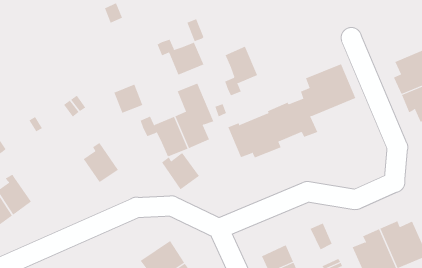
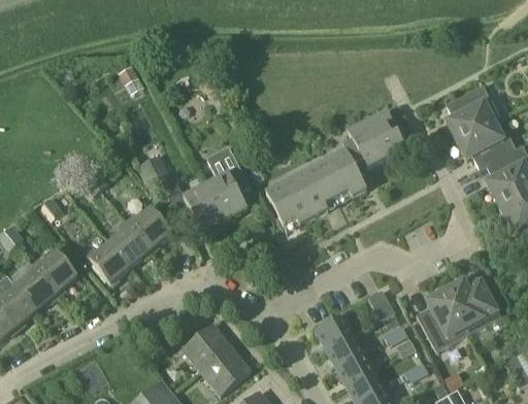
building: [157,39,204,76] -> none
building: [225,46,258,96] -> none
building: [161,152,200,190] -> [125,207,169,249]
building: none -> [84,241,128,283]
building: none -> [31,251,75,293]

